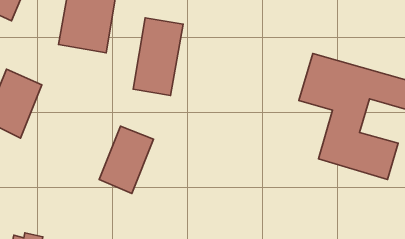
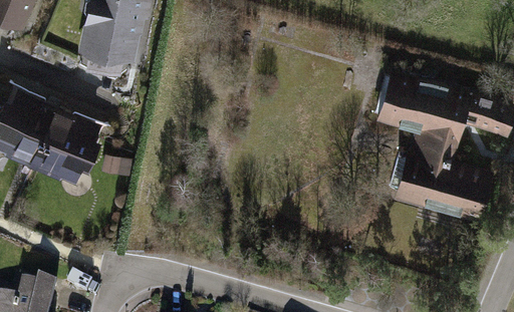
building: [133,18,183,96] -> none
building: [99,126,153,194] -> [33,105,99,188]

